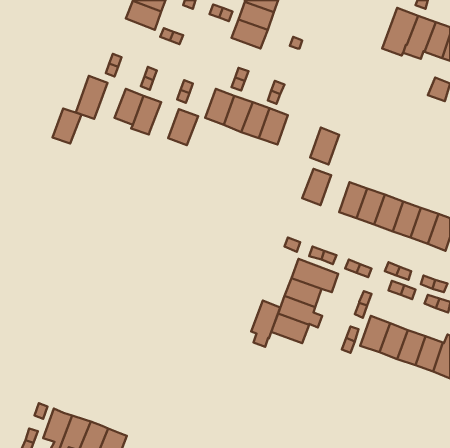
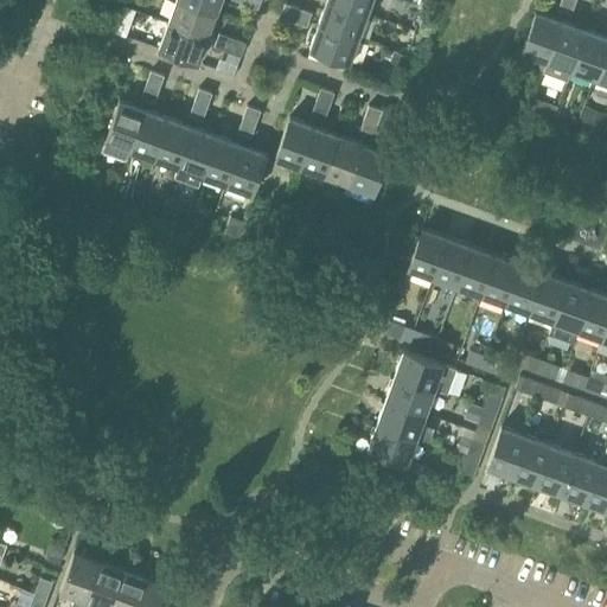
building: none -> [160,27,209,68]
building: none -> [202,140,241,189]
building: [53,108,82,144] -> [130,114,170,161]
building: [310,128,339,165] -> [432,238,471,288]
building: [251,300,280,347] -> none

